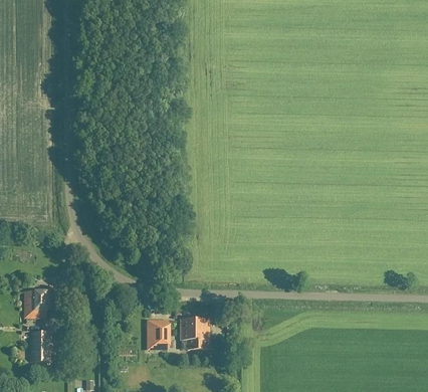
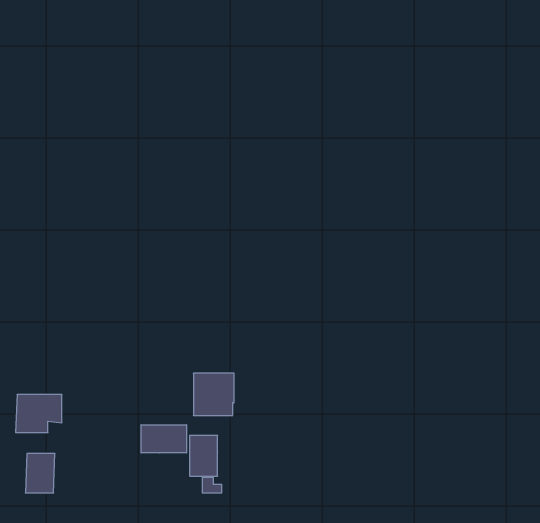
building: none -> [141,425,186,453]
building: [180,318,209,348] -> [193,373,234,415]

